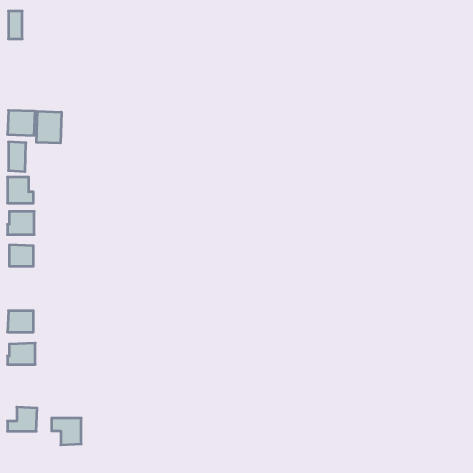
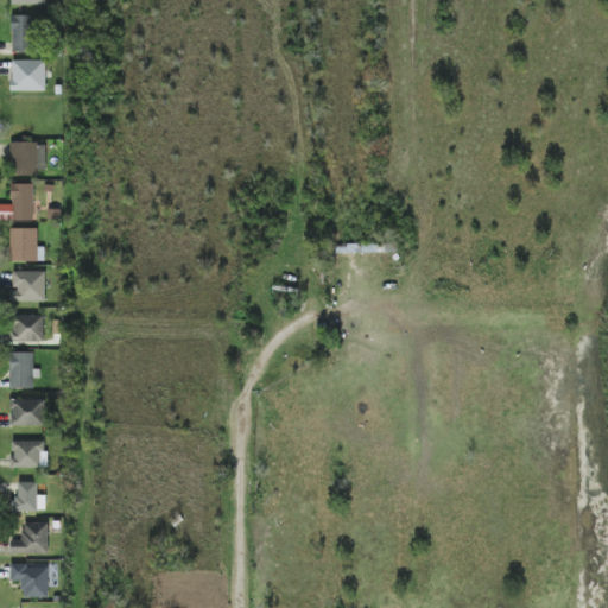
building: none -> [11,59,45,90]
building: [36,111,61,143] -> none
building: none -> [8,352,33,387]
building: none -> [15,481,44,509]
building: [52,418,81,445] -> [10,563,48,597]

